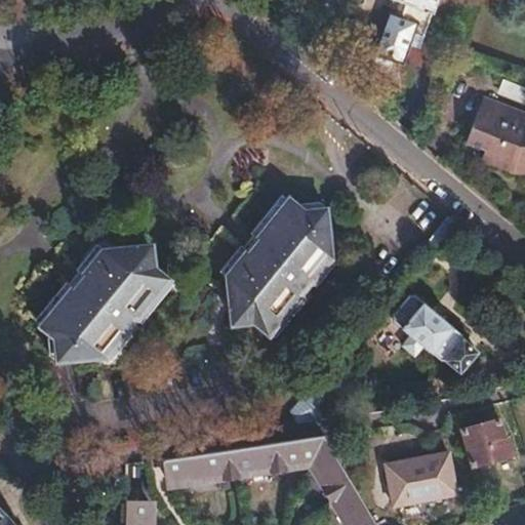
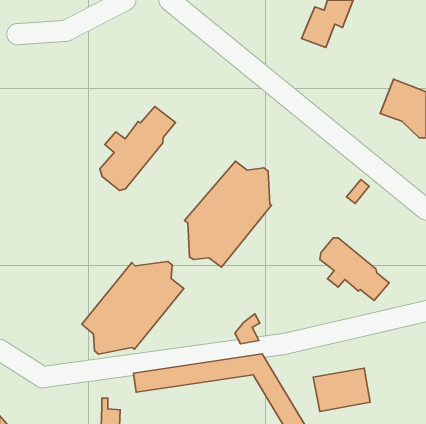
building: none -> [100,106,176,190]
building: [46,248,171,362] -> [82,262,184,354]
building: [461,422,509,469] -> none

